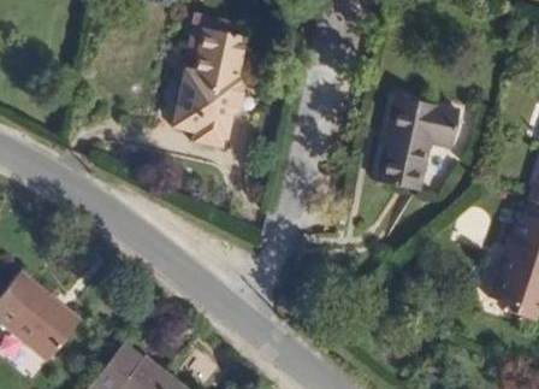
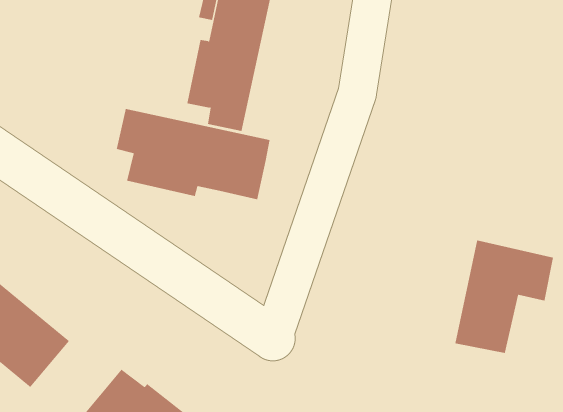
building: [377,96,458,190] -> [455,240,554,354]
building: none -> [116,108,270,200]

